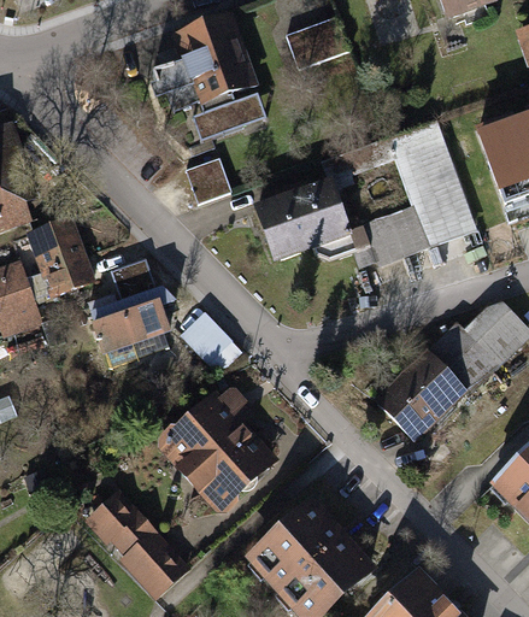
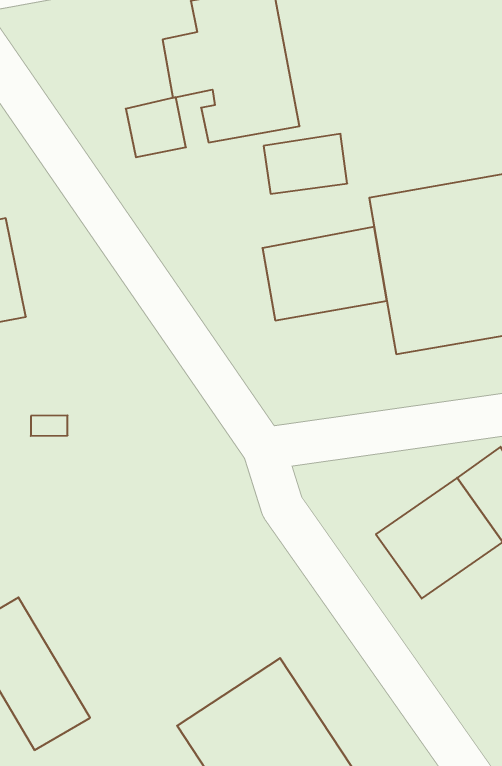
building: [283,16,348,67] -> [264,134,347,194]
building: [186,158,234,206] -> [126,97,186,157]
building: [86,262,172,352] -> none
building: [182,313,242,374] -> none
building: [159,382,281,516] -> none

